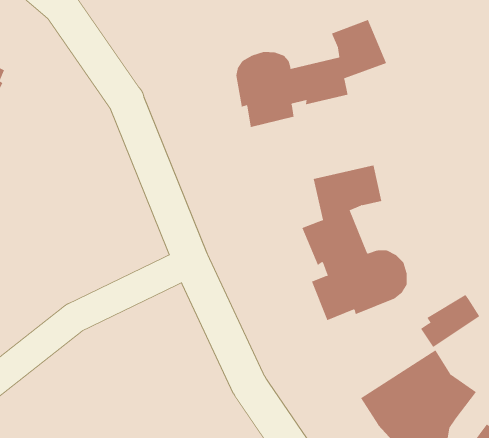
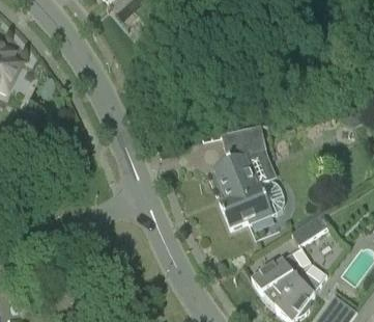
building: [236,19,387,128] -> none

